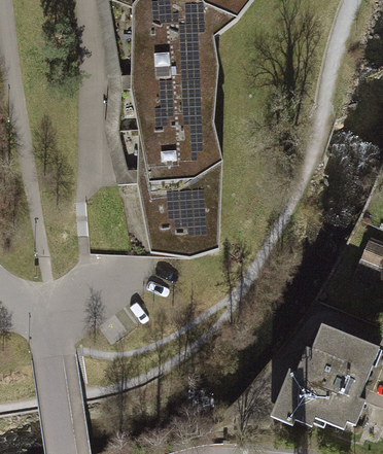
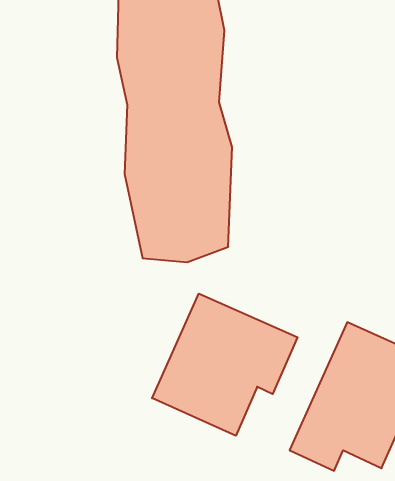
building: none -> [152,294,298,436]

